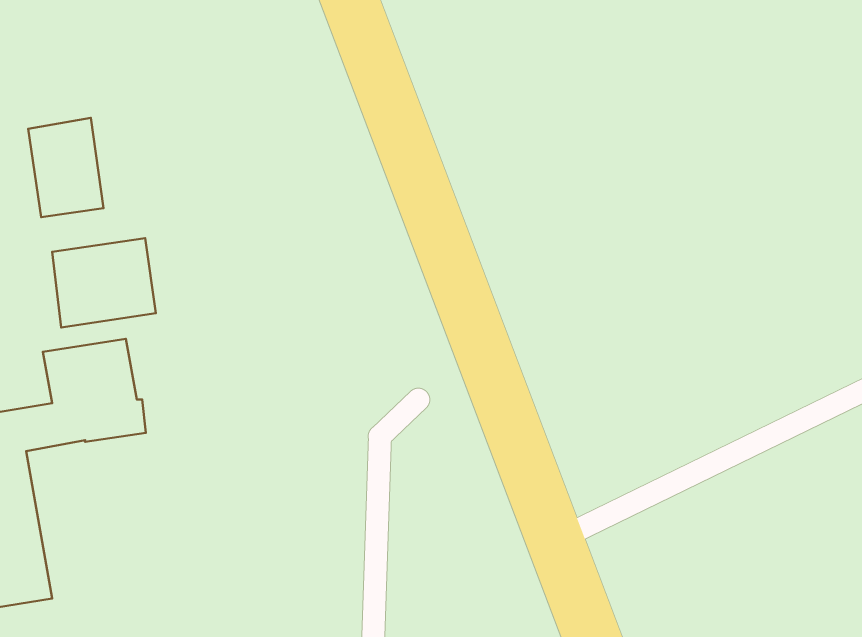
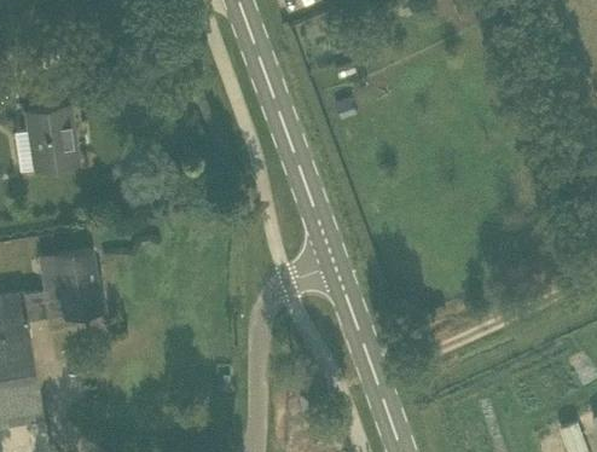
building: [52,238,156,327] -> none

